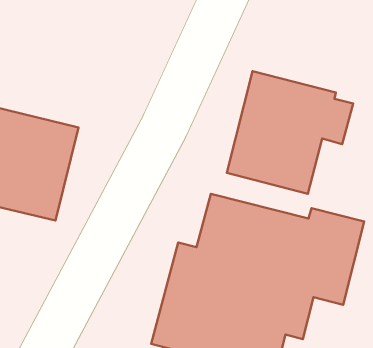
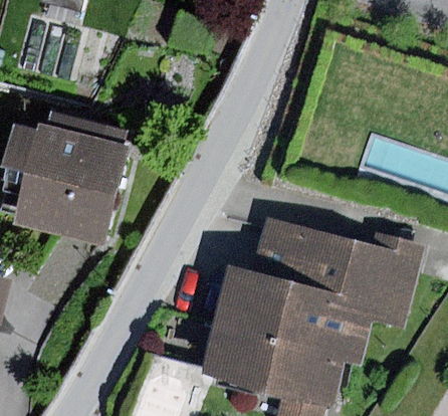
building: [227,71,353,194] -> none

